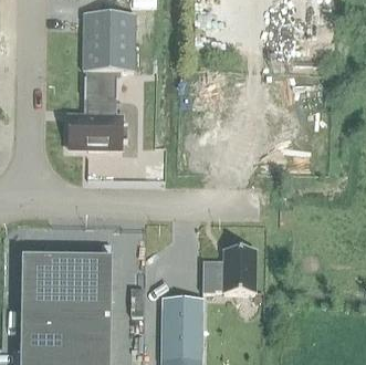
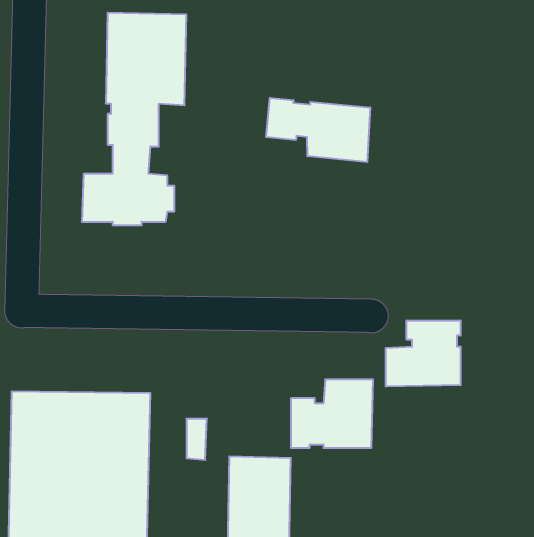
building: none -> [266,98,370,162]
building: none -> [386,320,461,387]

